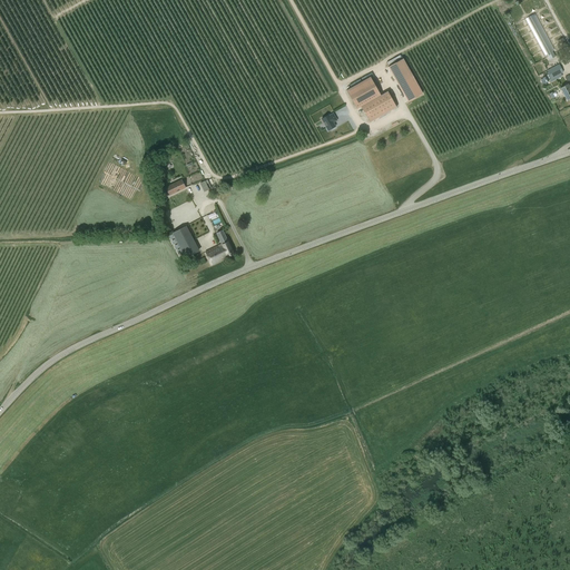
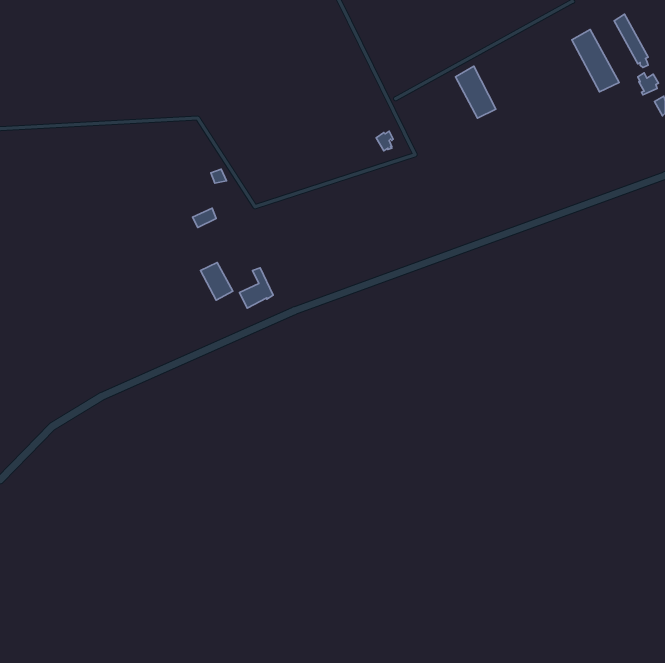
building: none -> [572,29,619,92]
building: [346,76,396,120] -> none

